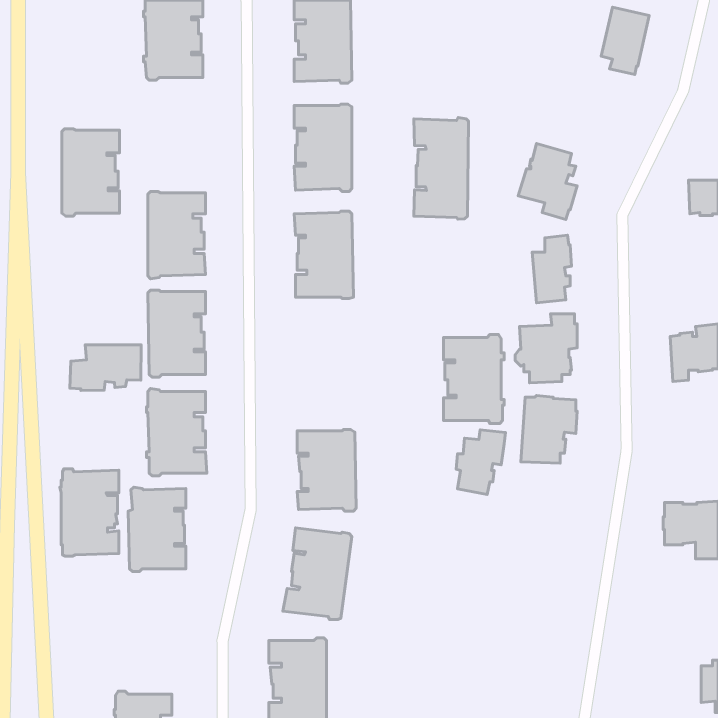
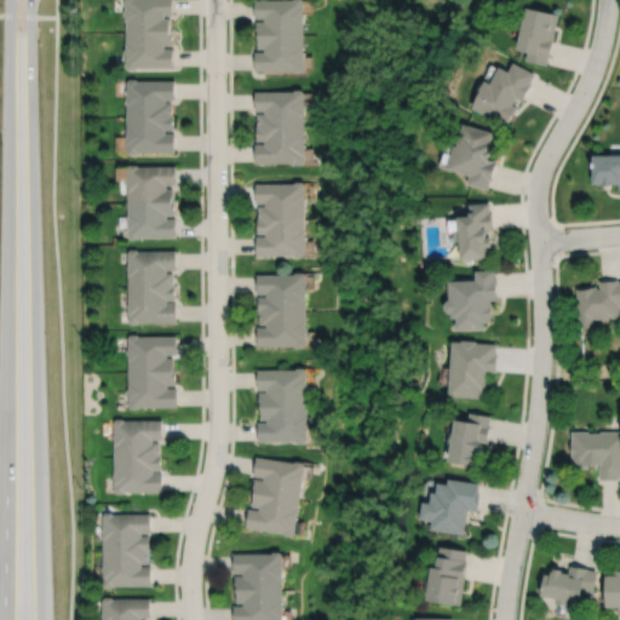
building: none -> [471,63,534,125]
building: [414,117,469,219] -> none
building: [62,129,119,216] -> [126,80,176,155]
building: [444,335,504,423] -> [254,274,306,350]
building: [70,345,141,391] -> none
building: [456,430,505,495] -> [448,414,490,470]
building: [60,469,119,556] -> [98,511,149,586]
building: none -> [419,477,480,533]
building: none -> [424,545,466,604]
building: none -> [540,566,595,604]

